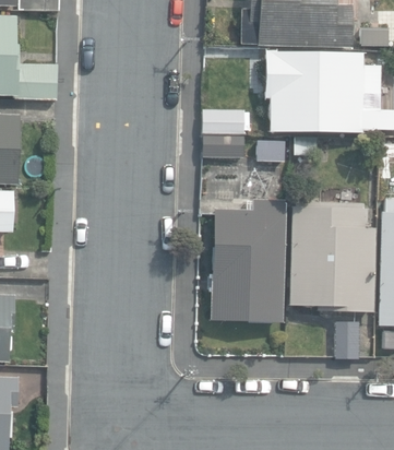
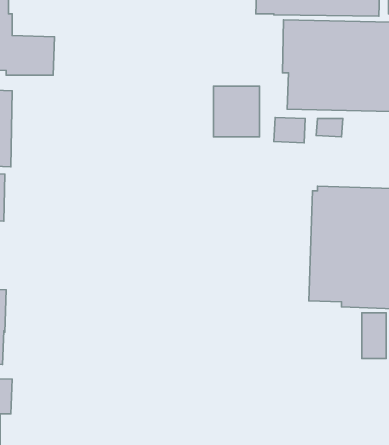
building: [210,199,286,322] -> none

